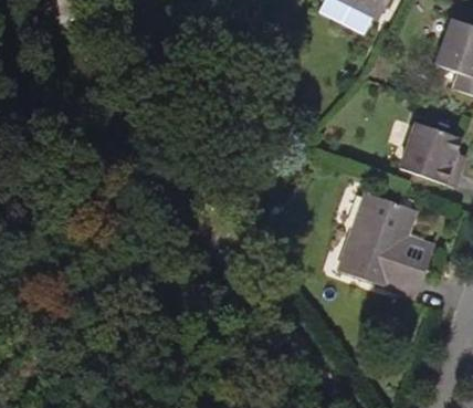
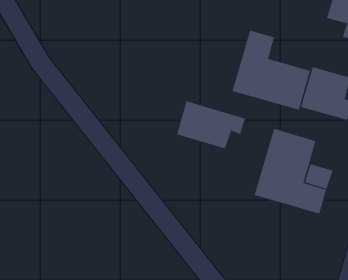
building: none -> [232,30,310,111]
building: none -> [176,101,246,149]

